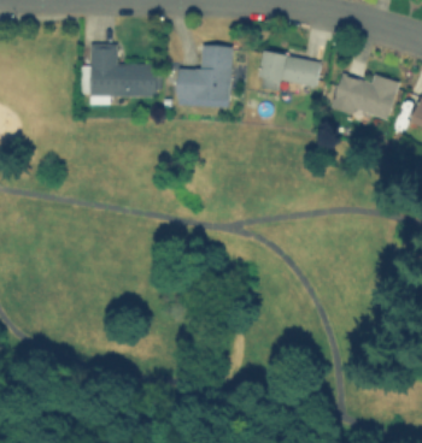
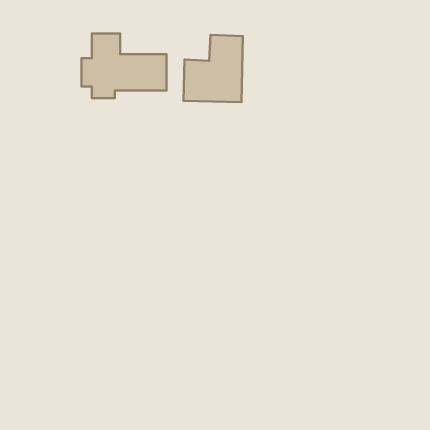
building: [259,51,321,88] -> none
building: [330,75,397,122] -> none

